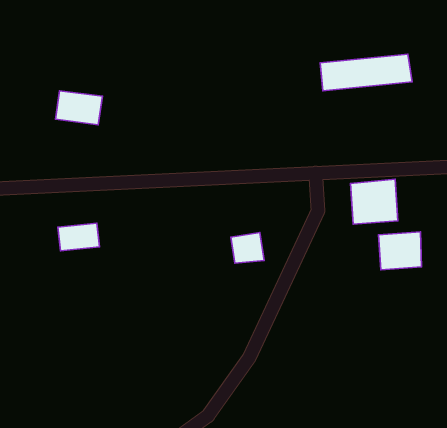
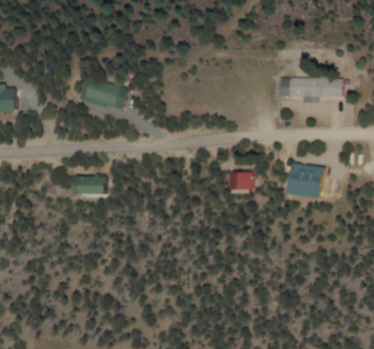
building: [378,232,421,270] -> none
building: [231,233,264,263] -> [228,172,250,193]

